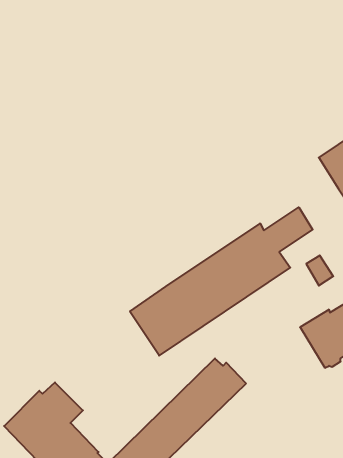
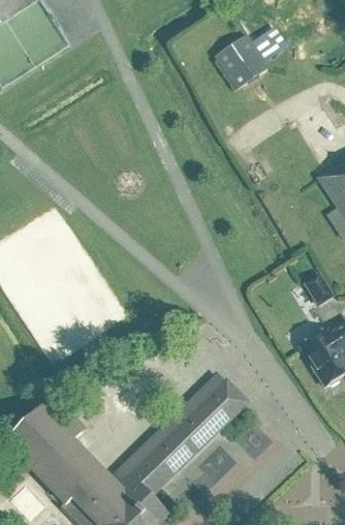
building: none -> [217,37,271,90]
building: [130,207,313,356] -> none

